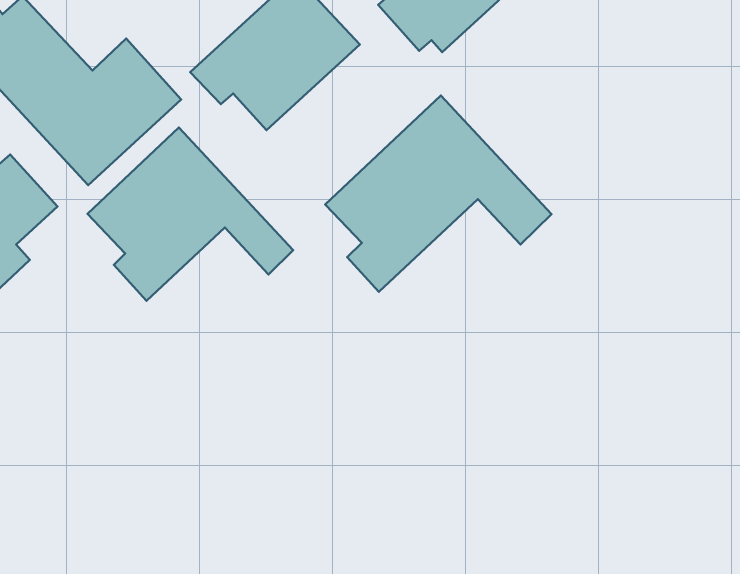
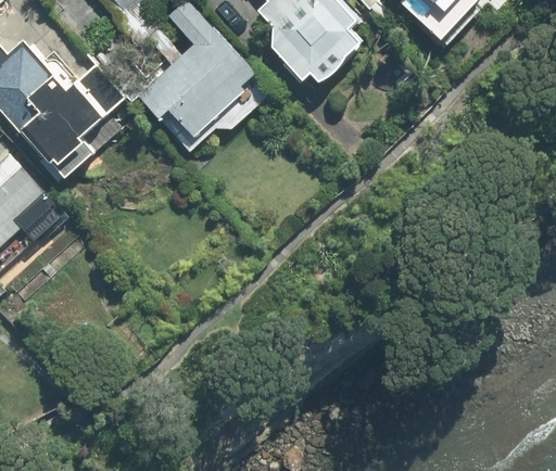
building: [325,95,551,292] -> none
building: [88,128,293,301] -> none

